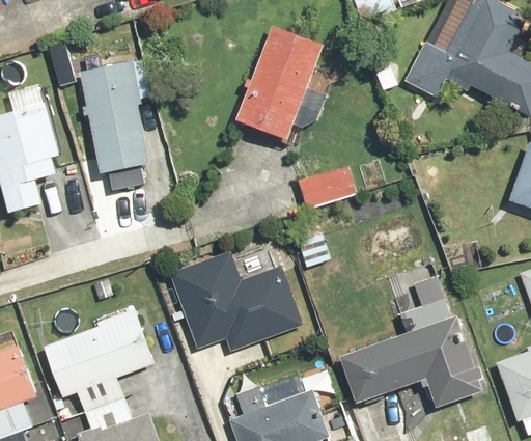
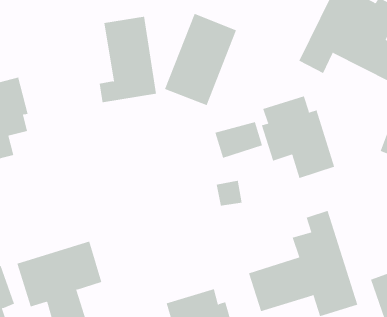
building: [75,61,149,172] -> [99,16,157,103]
building: none -> [261,96,335,179]
building: [170,248,304,350] -> none

